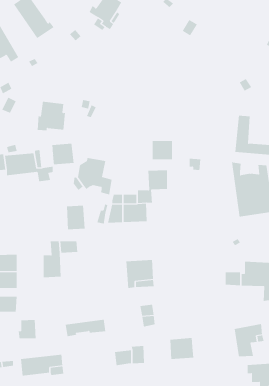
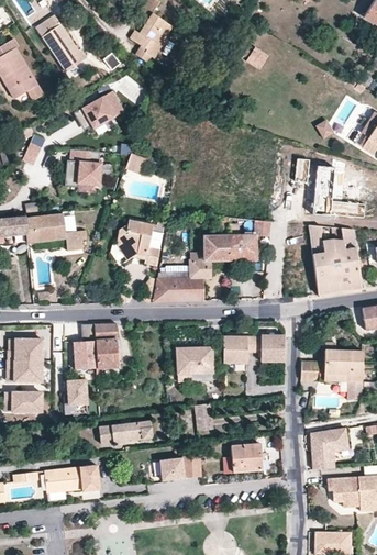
building: none -> [74,91,123,135]
building: [152,141,173,160] -> [229,234,255,258]
building: [52,143,74,165] -> none
building: [66,205,86,230] -> [95,337,119,368]
building: none -> [222,331,285,359]
building: [18,319,36,339] -> [64,379,87,403]

